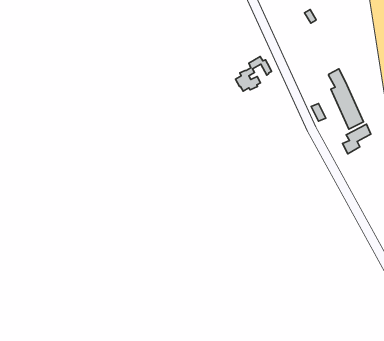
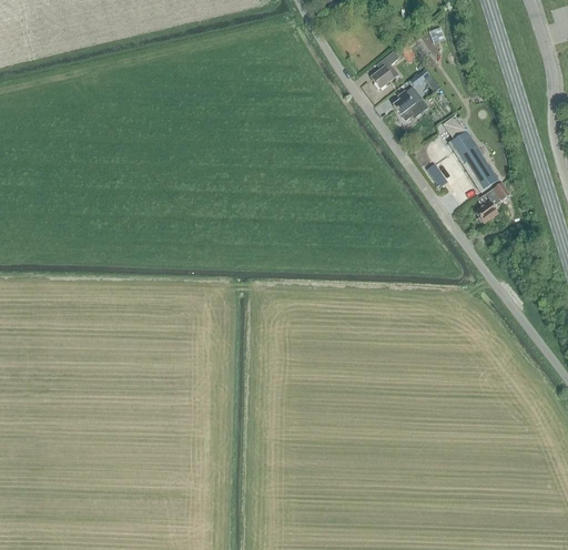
building: none -> [372,49,399,88]
building: [236,56,272,91] -> [394,70,439,119]

